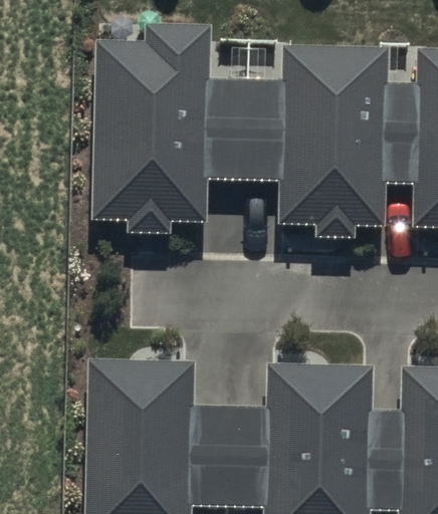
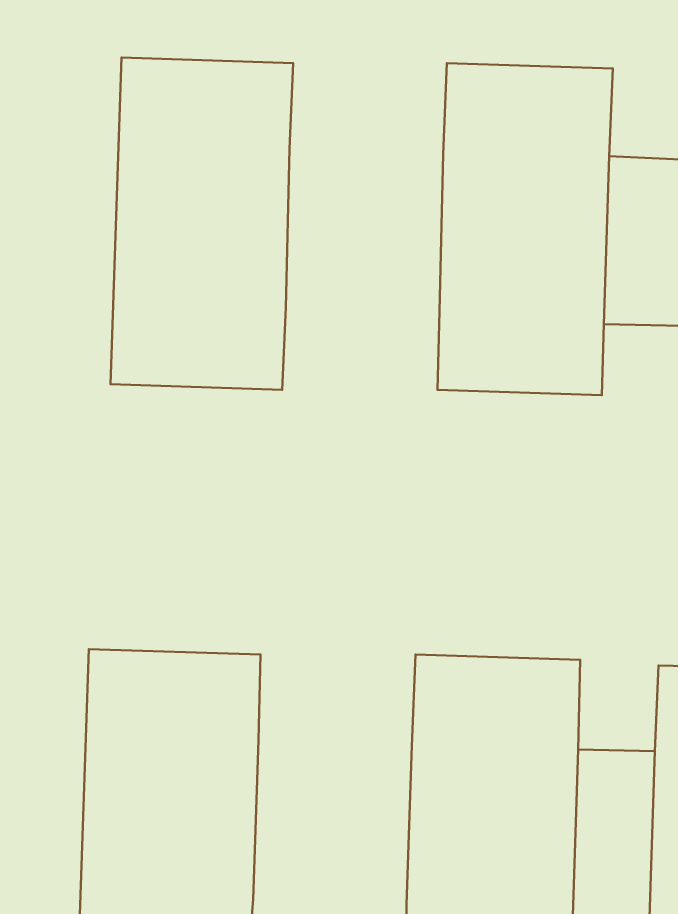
building: [197,87,283,177] -> none
building: [179,413,266,503] -> none

